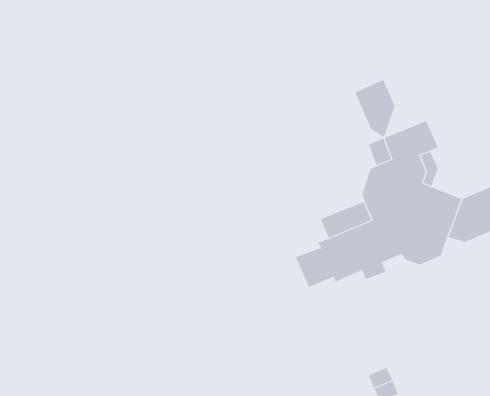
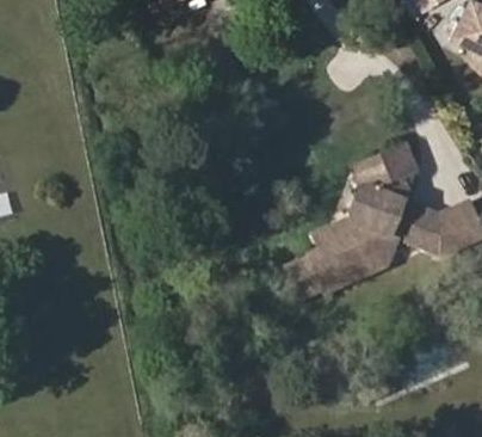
building: [355,79,395,138] -> none

